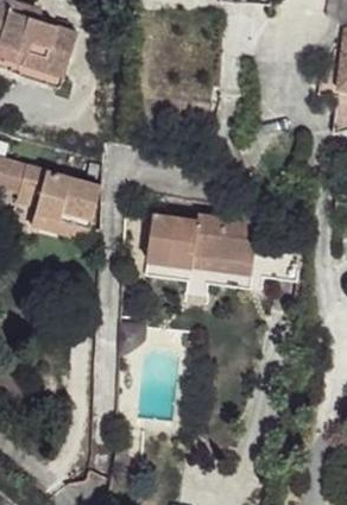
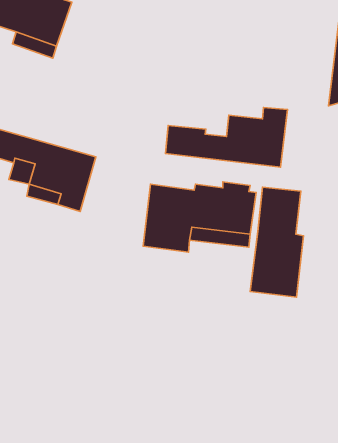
building: none -> [166,107,287,167]
building: none -> [250,187,304,297]

